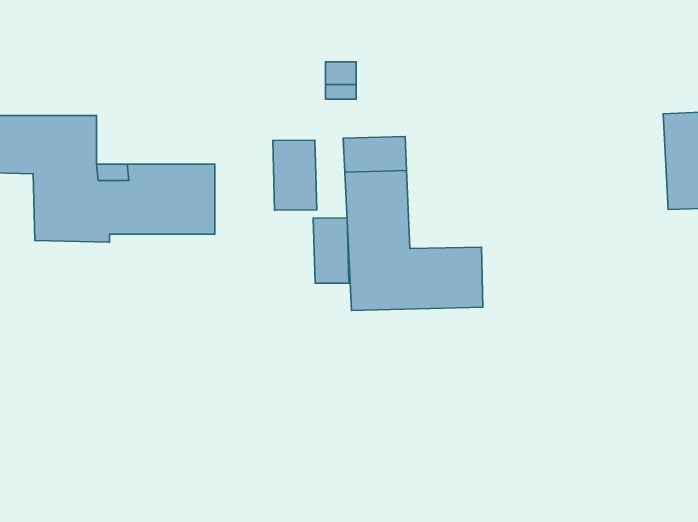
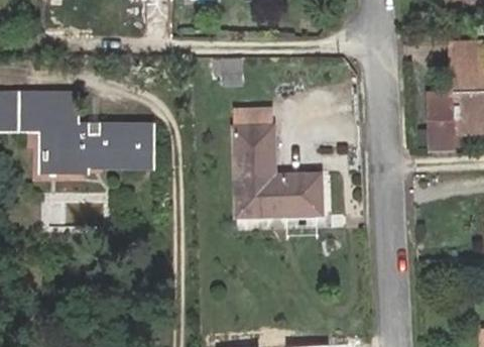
building: [273,140,317,210] -> none
building: [313,218,349,283] -> none

